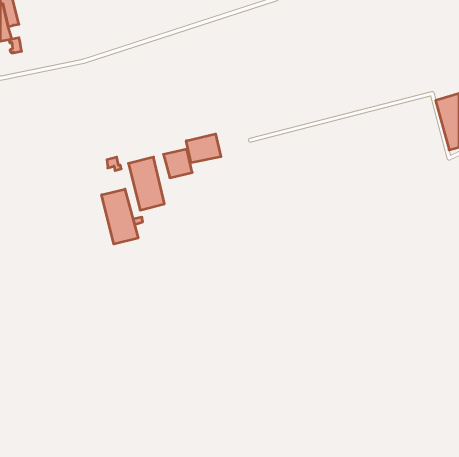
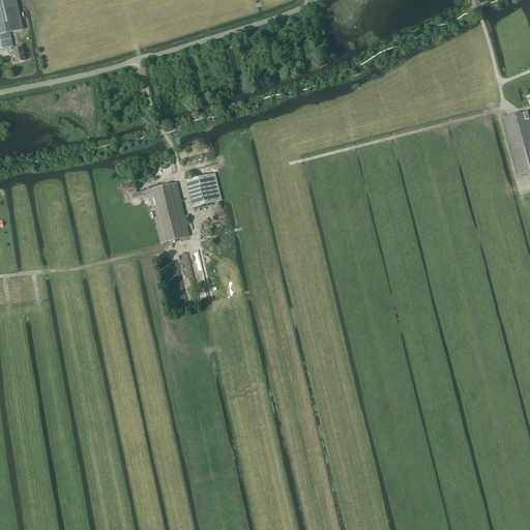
building: [186,134,221,163] -> none
building: [102,189,138,244] -> none

